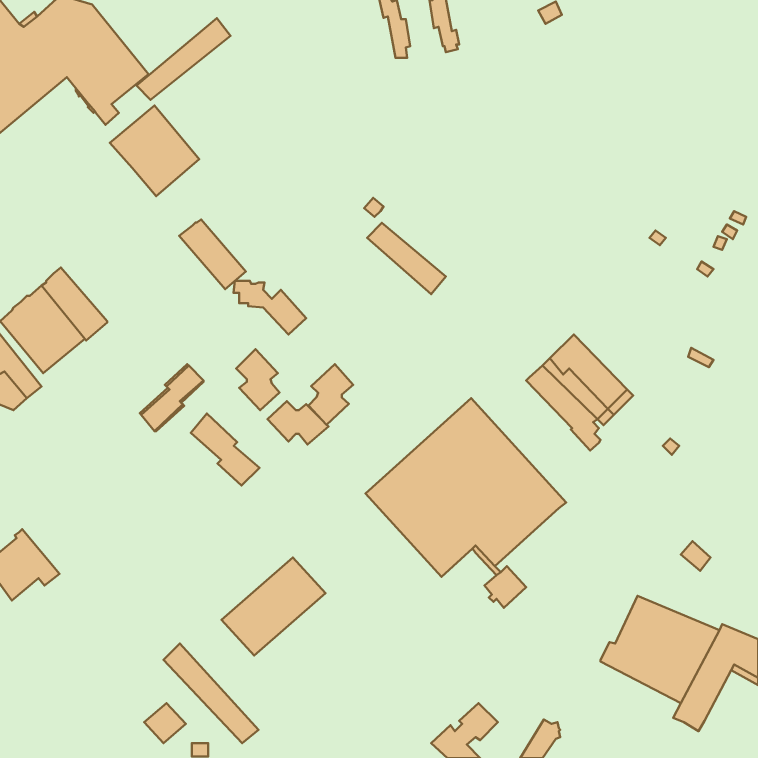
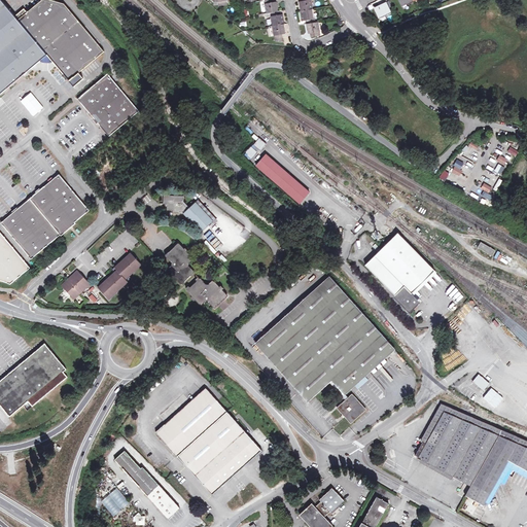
building: [136,18,231,100] -> none
building: [179,219,246,289] -> [42,174,89,222]
building: [308,364,353,425] -> none
building: none -> [61,271,91,297]
building: [191,414,259,486] -> none
building: none -> [15,344,66,397]
building: none -> [422,409,500,446]
building: none -> [176,411,259,492]

